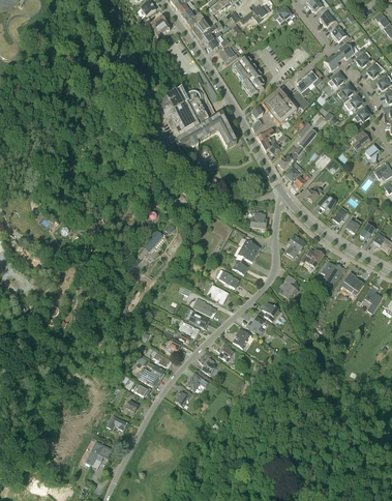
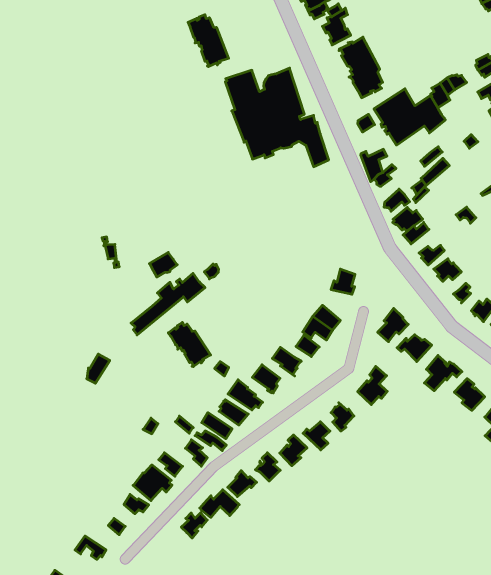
building: none -> [188,15,229,67]
building: none -> [168,322,211,367]

